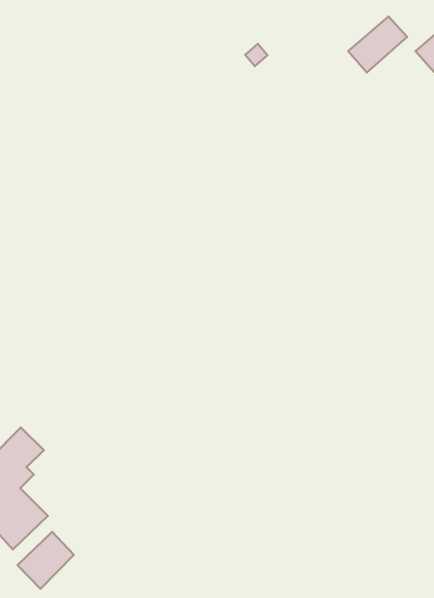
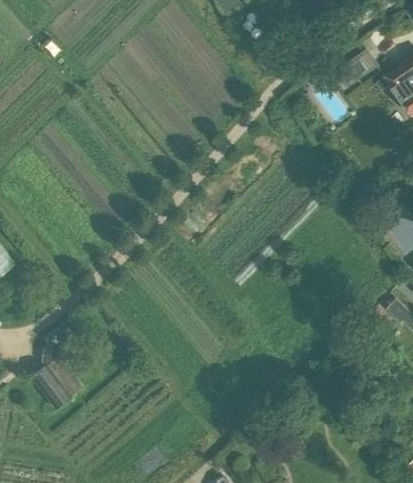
building: [18,532,74,589] -> none

